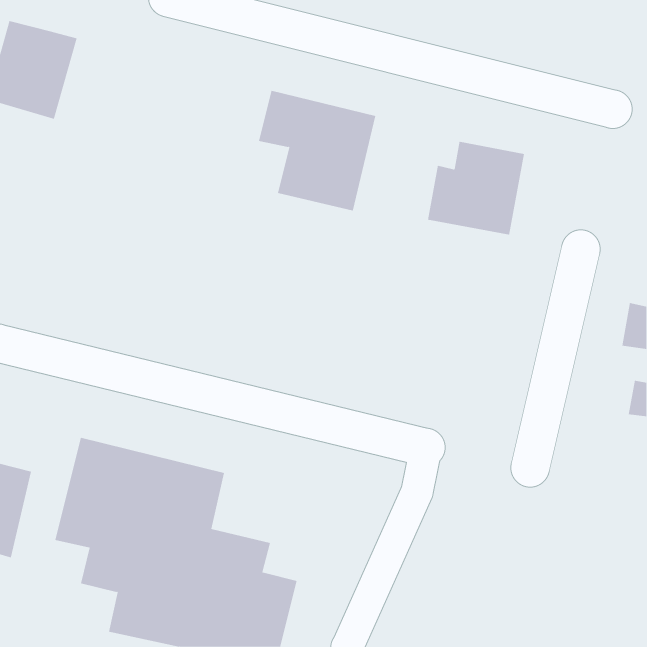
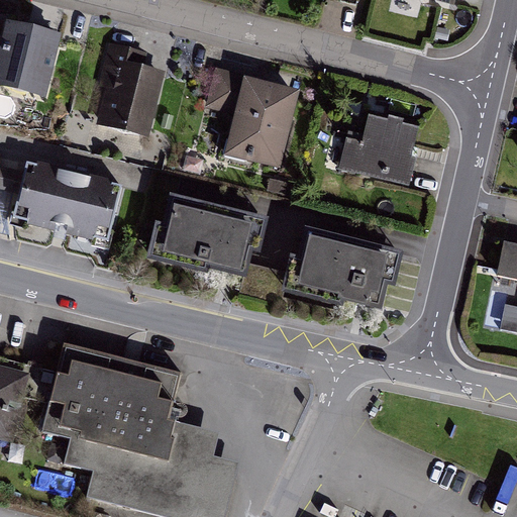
building: none -> [98,59,162,131]
building: none -> [11,159,120,237]
building: none -> [156,194,261,274]
building: none -> [285,226,392,306]

